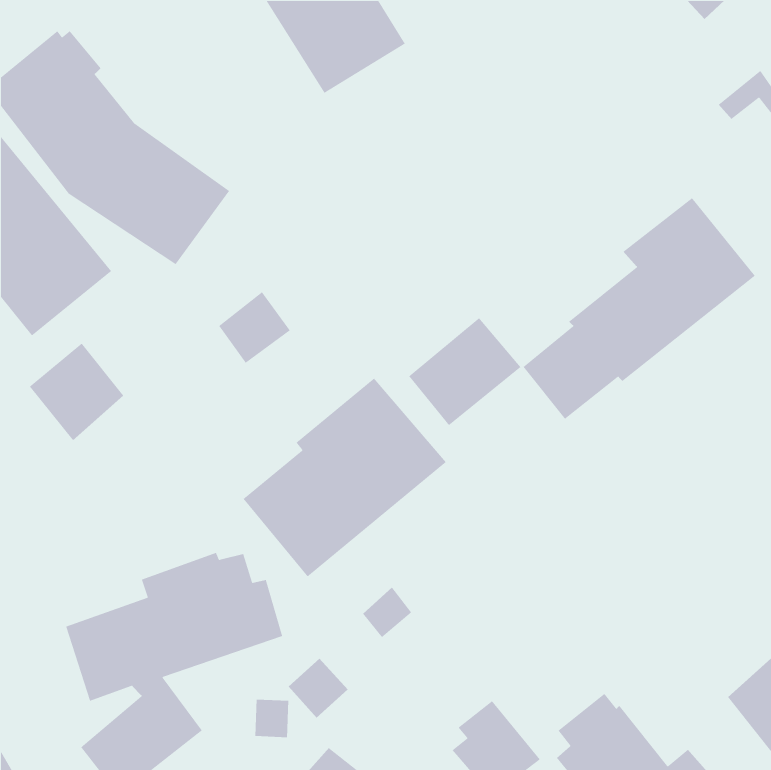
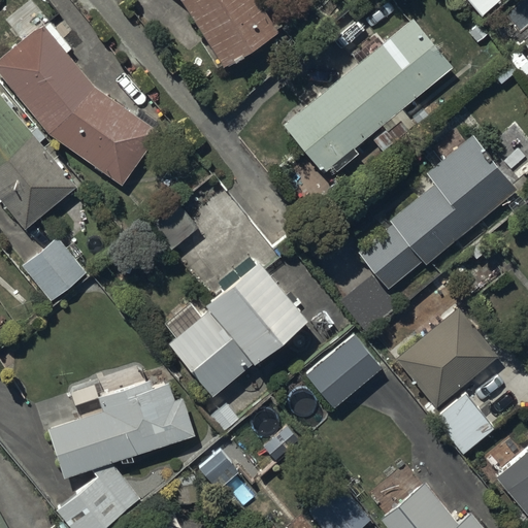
building: none -> [283,20,453,174]
building: [408,317,522,426] -> [305,335,383,409]
building: none -> [396,307,499,407]
building: none -> [435,395,494,455]

